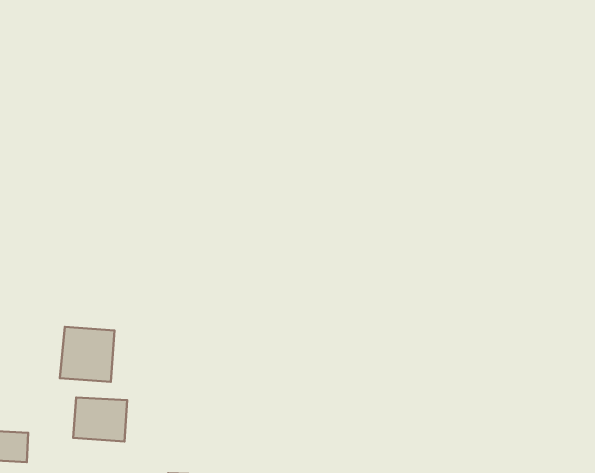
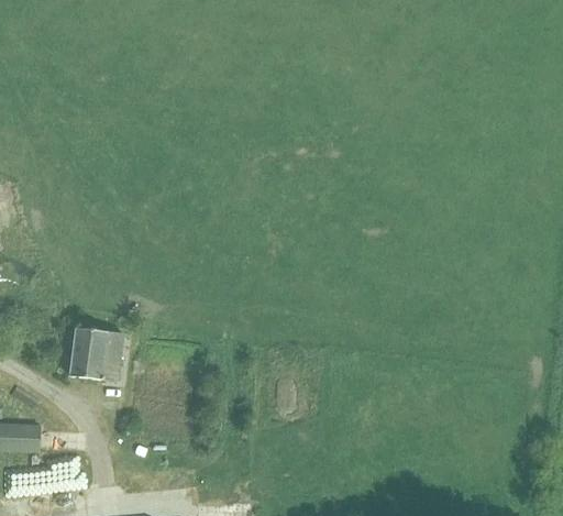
building: [73,397,127,441] -> none

